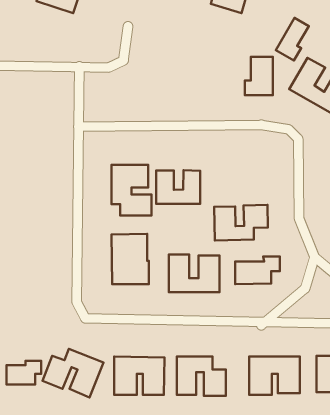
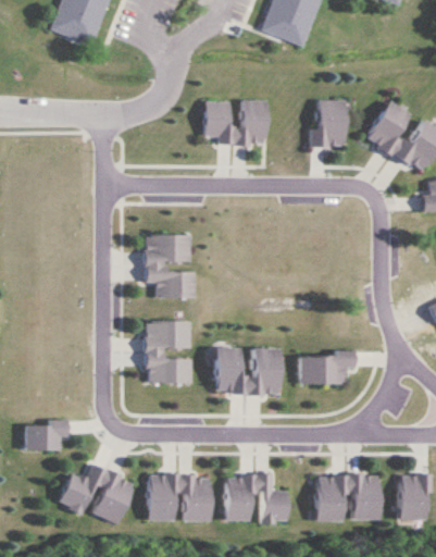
building: [276,18,309,61] -> none
building: none -> [204,99,266,146]
building: [156,170,200,204] -> none
building: [214,205,268,240] -> none
building: [6,361,41,384] -> [24,420,67,449]

